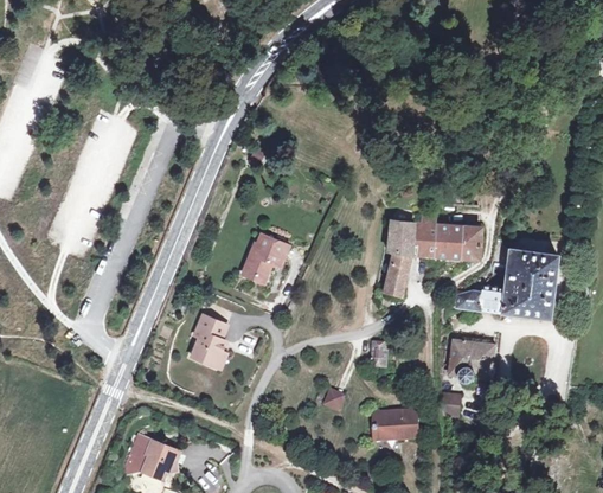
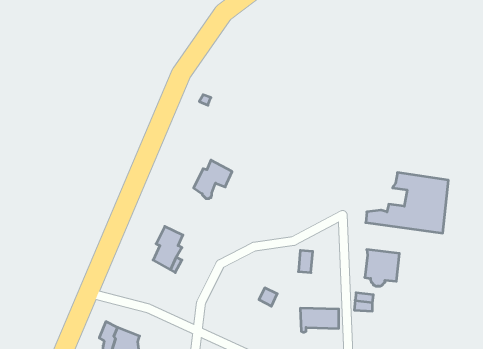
building: [384,210,481,294] -> none

